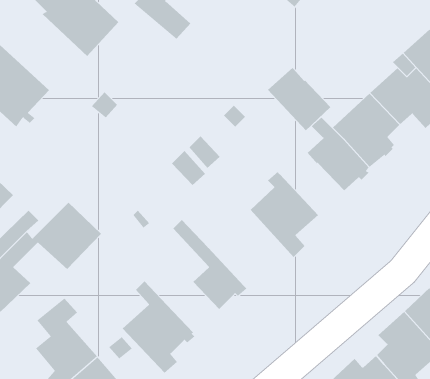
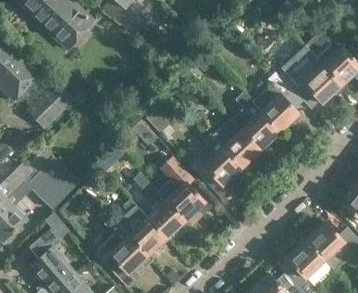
building: [267,67,331,131] -> [213,120,261,168]
building: none -> [28,83,75,129]
building: none -> [159,158,205,221]
building: none -> [123,199,167,256]

